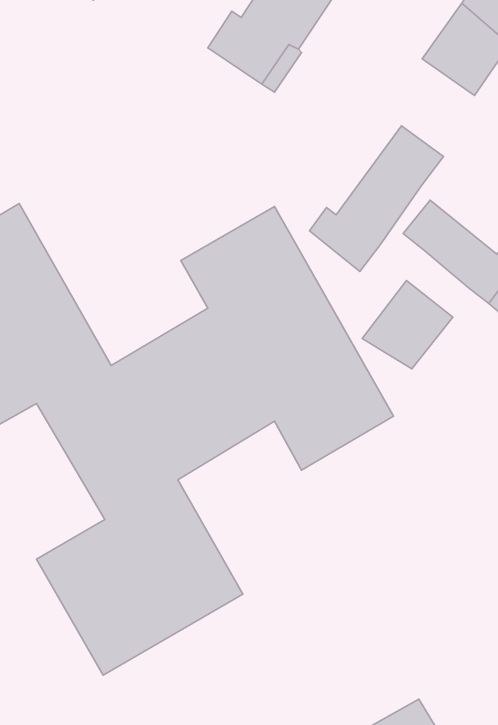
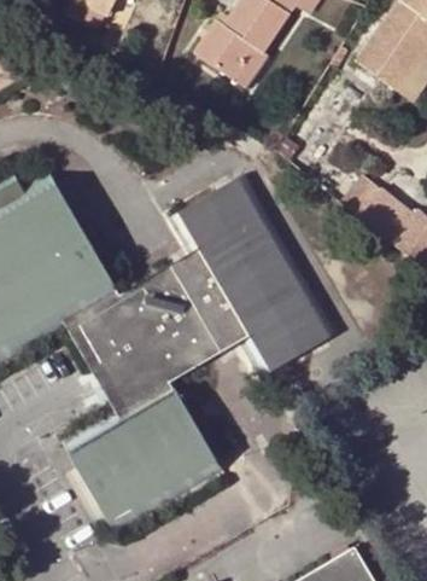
building: [309,126,444,271] -> none
building: [362,281,453,369] -> none

